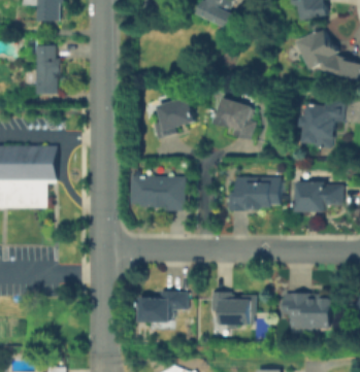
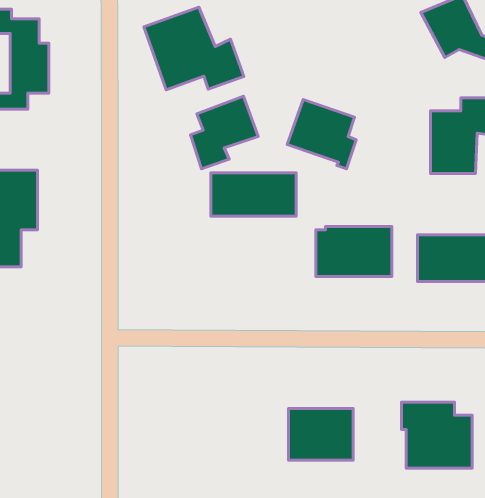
building: none -> [144,7,244,90]
building: [130,179,185,207] -> [211,173,296,216]
building: [139,293,186,323] -> none

